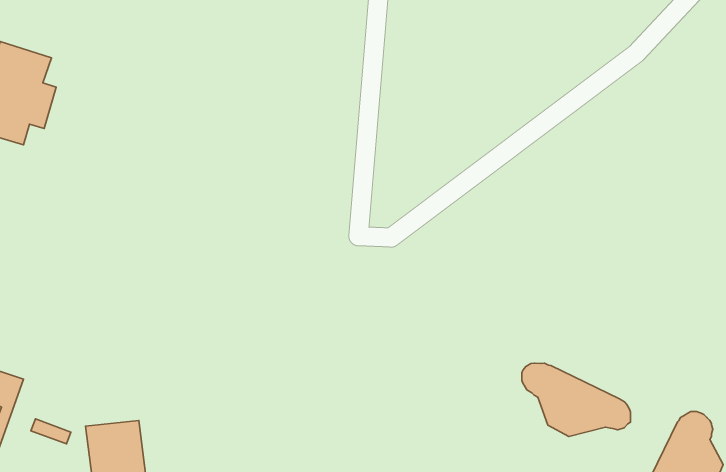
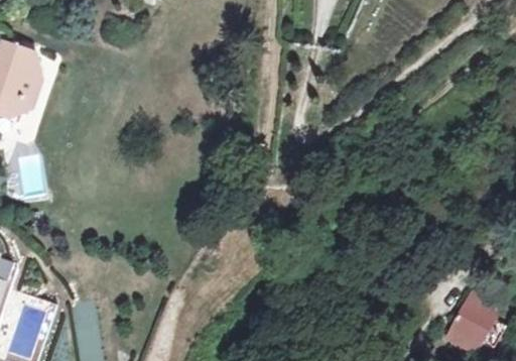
building: [522,363,631,437] -> none

